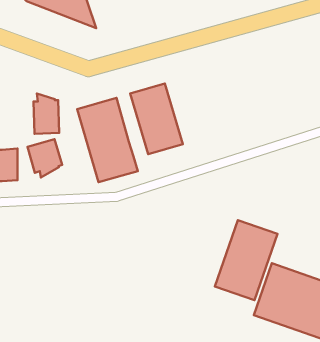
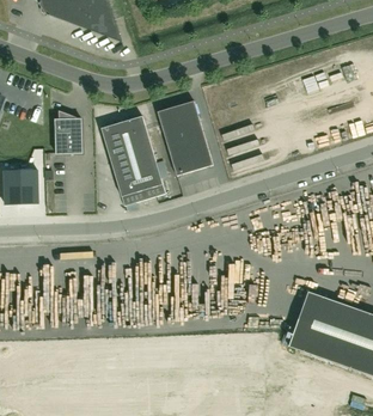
building: [27,139,62,178] -> none
building: [215,220,278,300] -> none

